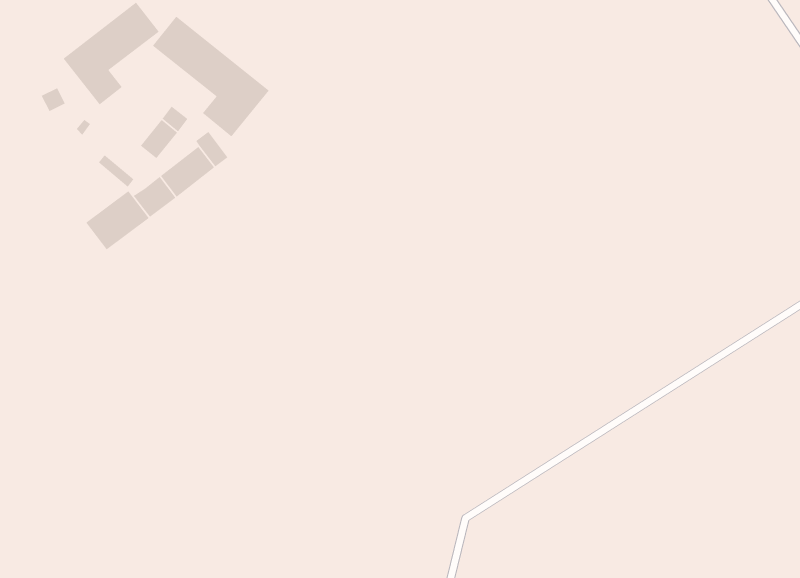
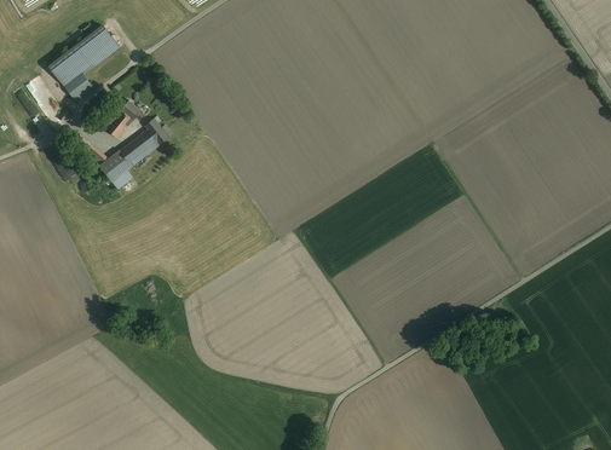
building: [152,16,270,137] -> none
building: [85,190,150,251] -> none

